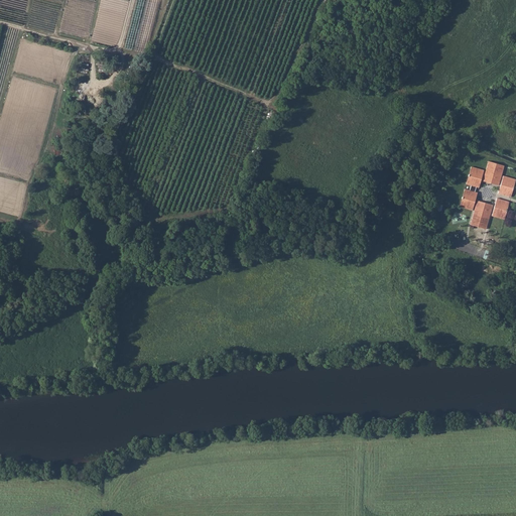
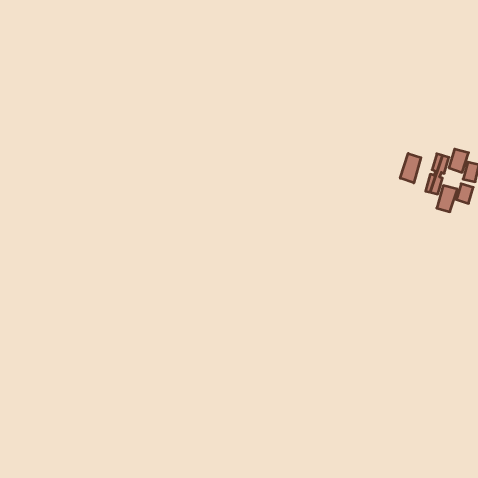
building: none -> [400,153,421,183]

